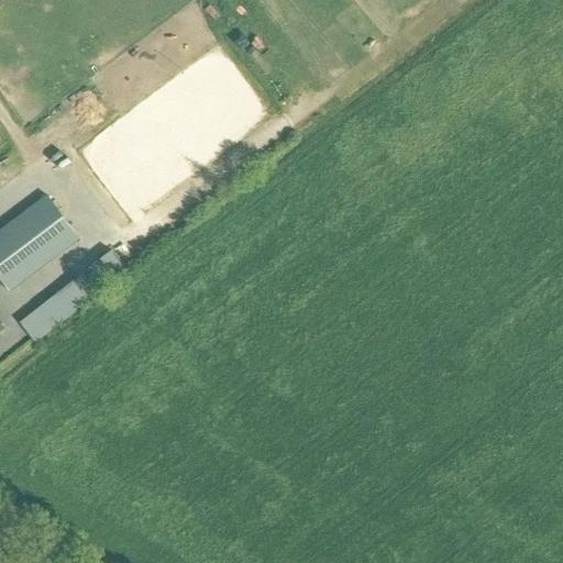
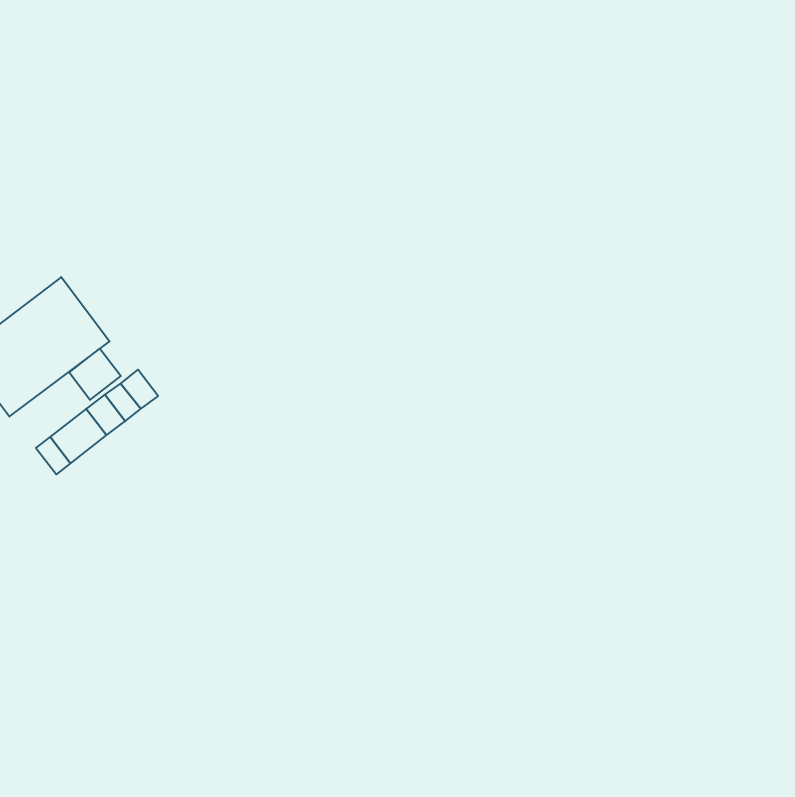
building: none -> [69,349,121,400]

